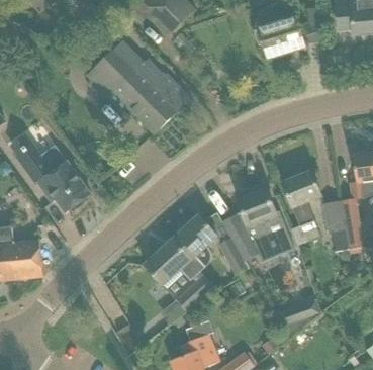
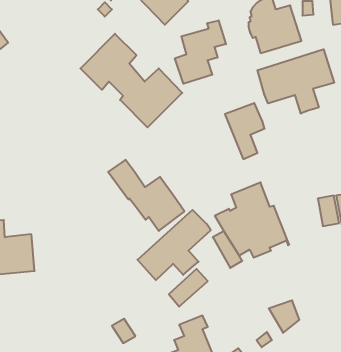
building: none -> [175,20,226,84]
building: none -> [258,49,334,114]
building: [14,142,90,212] -> [108,160,184,231]
building: [281,170,320,225] -> [225,103,265,159]

